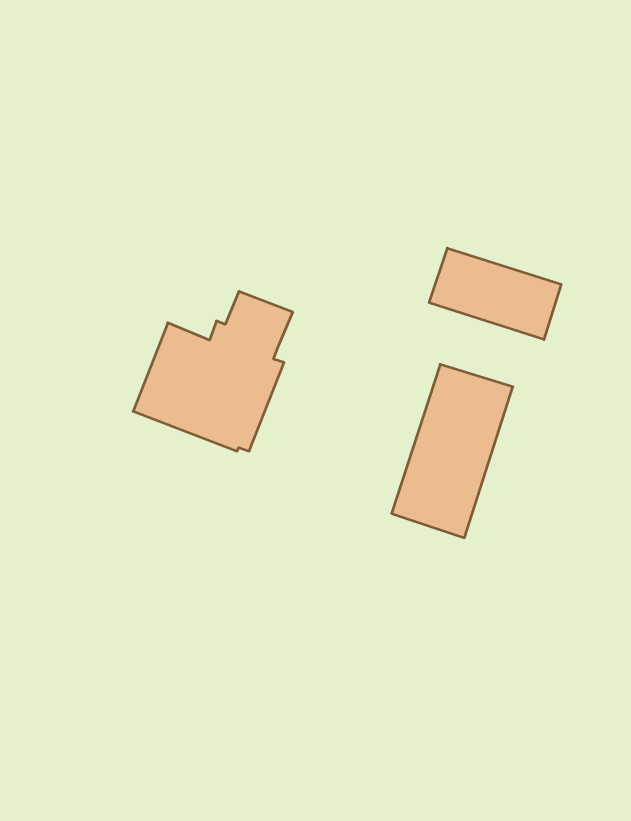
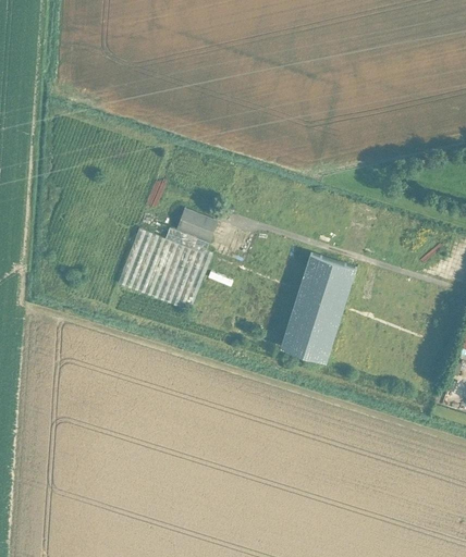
building: [429,248,561,340] -> none

